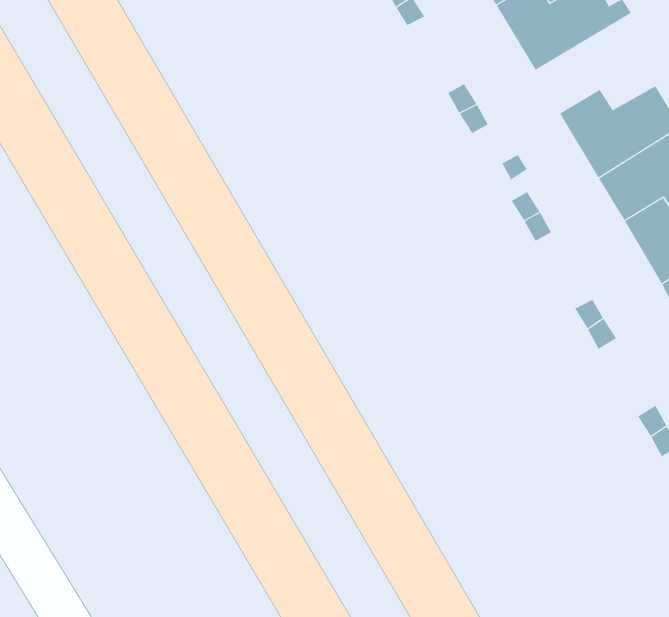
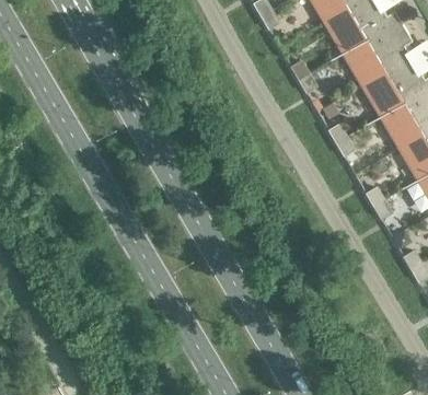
building: none -> [343,21,414,80]

